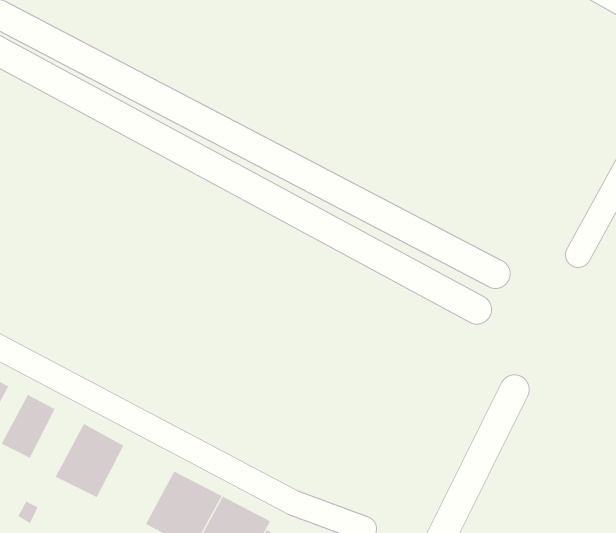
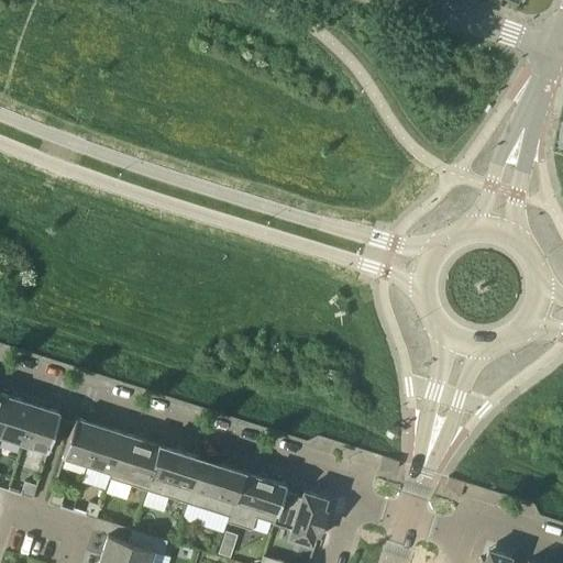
building: none -> [88,427,125,477]
building: none -> [146,446,203,506]

